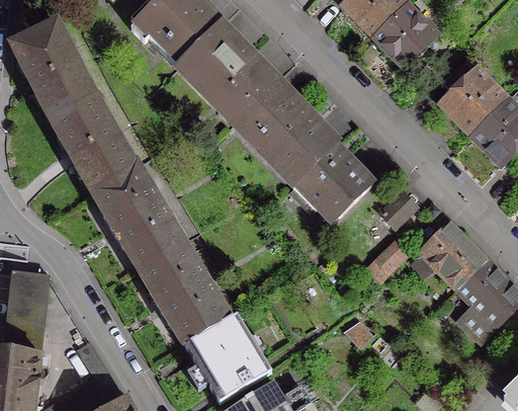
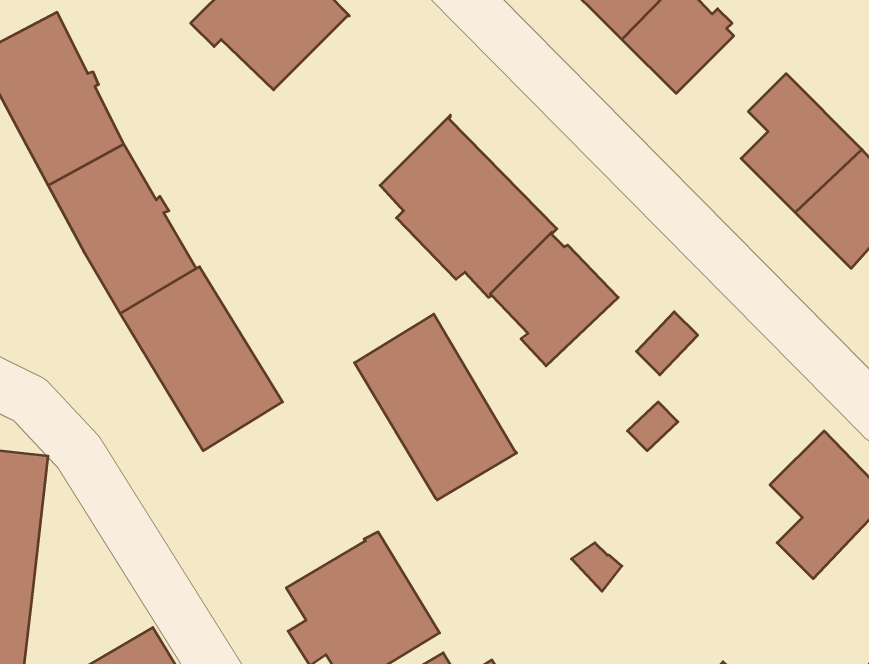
building: [178,24,277,124] -> none
building: [420,222,487,287] -> none
building: [139,241,230,345] -> [354,314,517,500]

